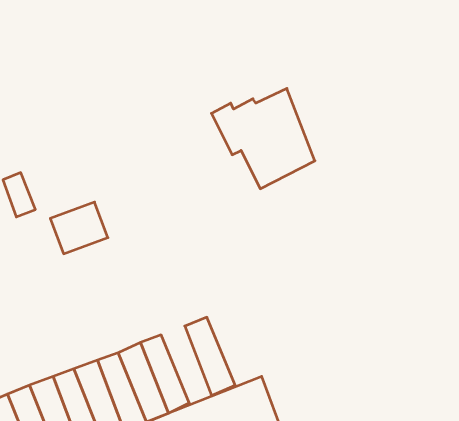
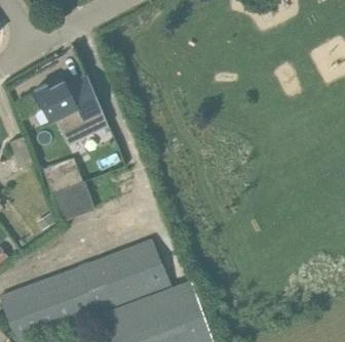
building: [211,88,315,189] -> [33,74,105,143]
building: none -> [51,182,93,220]
building: none -> [119,244,154,297]

